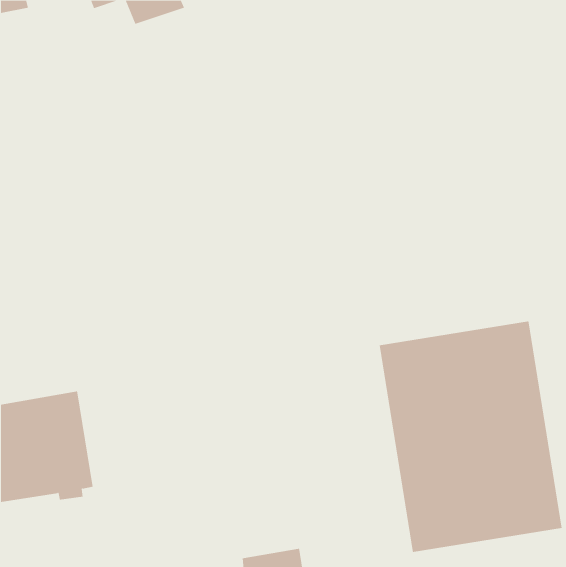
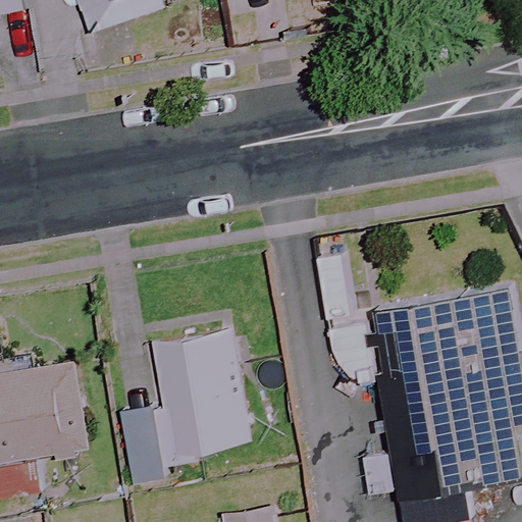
building: none -> [121,329,257,483]

